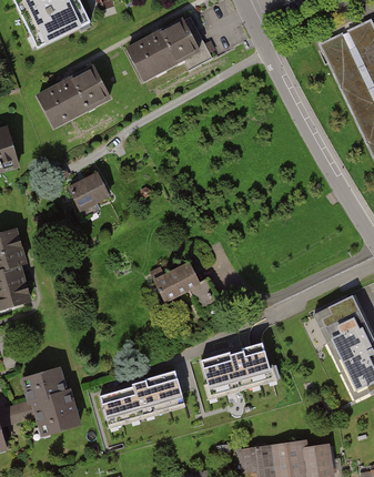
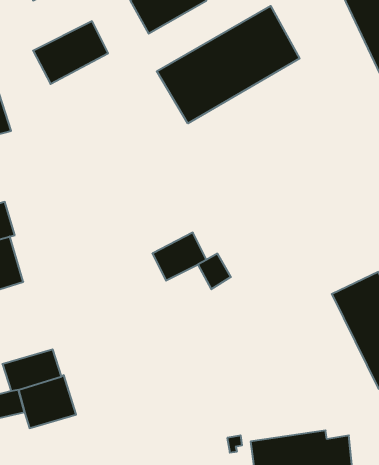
building: none -> [157,6,300,123]
building: [67,173,108,211] -> none
building: [198,334,281,398] -> none
building: [97,363,190,428] -> none

